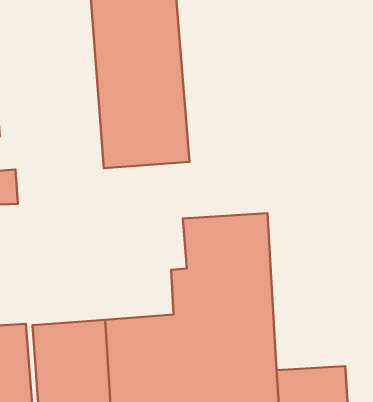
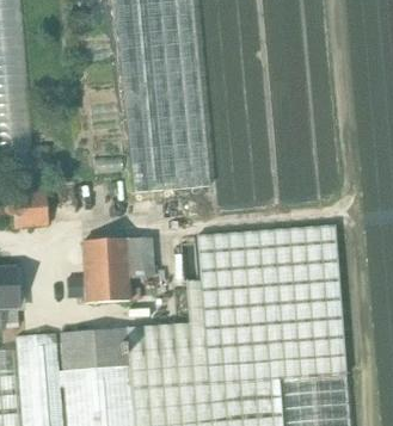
building: none -> [275,229,345,375]
building: none -> [85,237,161,301]

